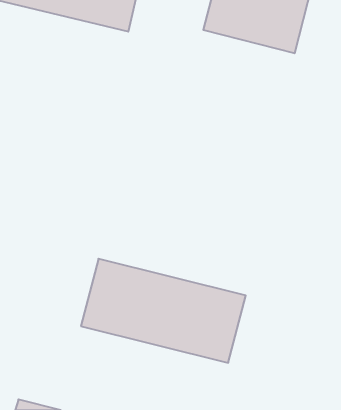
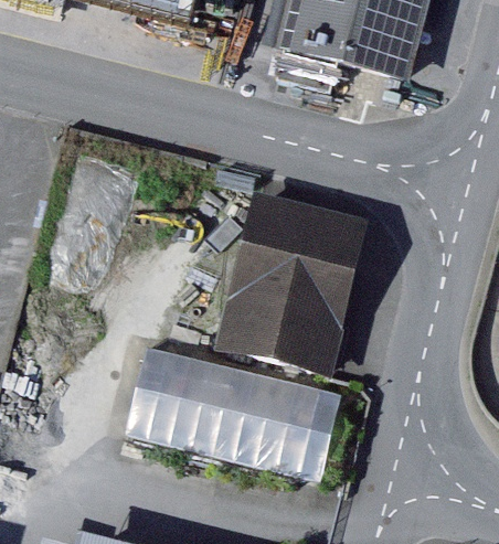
building: none -> [223,199,364,376]

